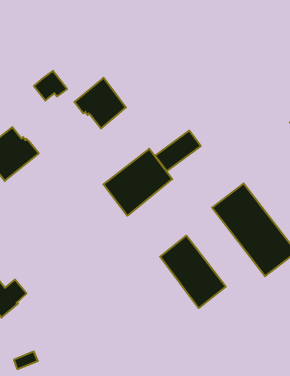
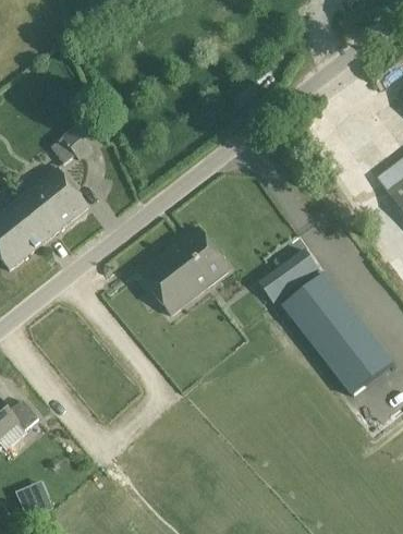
building: [74,78,126,128] -> [20,167,87,233]
building: [155,131,201,171] -> [259,248,319,302]
building: [160,236,226,308] -> none

